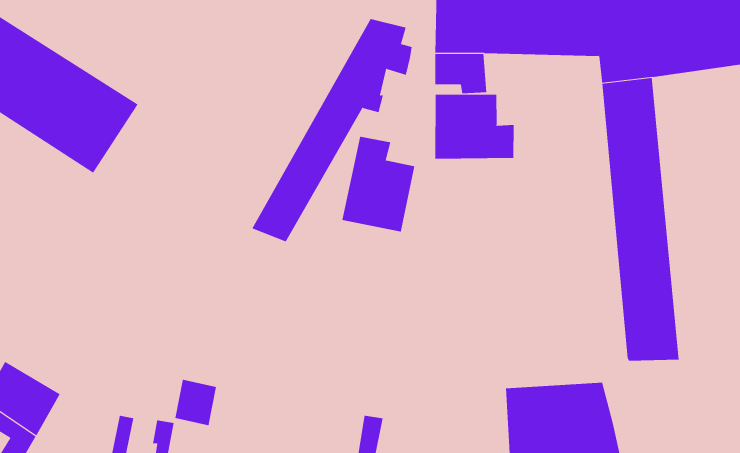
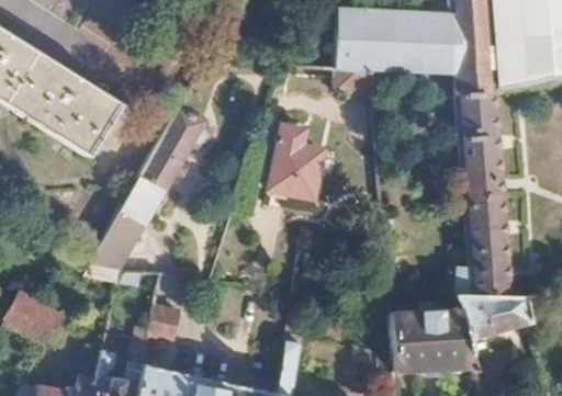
building: [252,18,412,242] -> [93,109,211,272]
building: [435,94,514,160] -> none
building: none -> [456,291,527,338]

